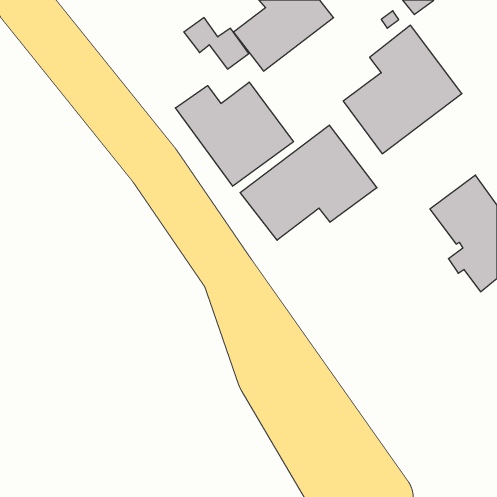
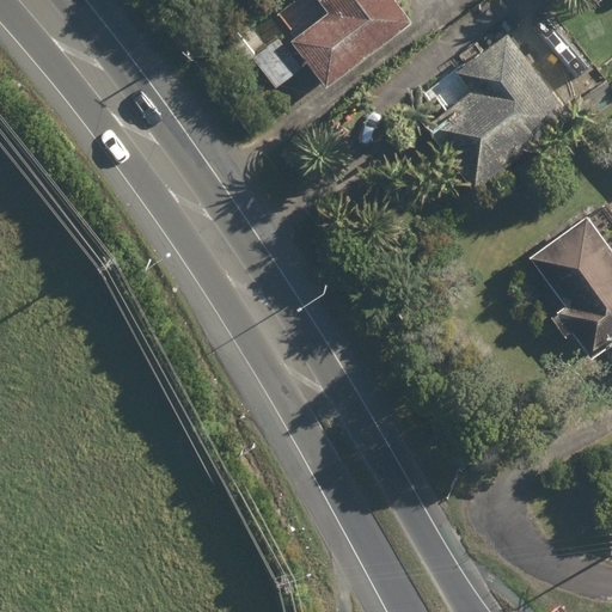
building: [175,82,293,186] -> none
building: [240,125,377,240] -> none

